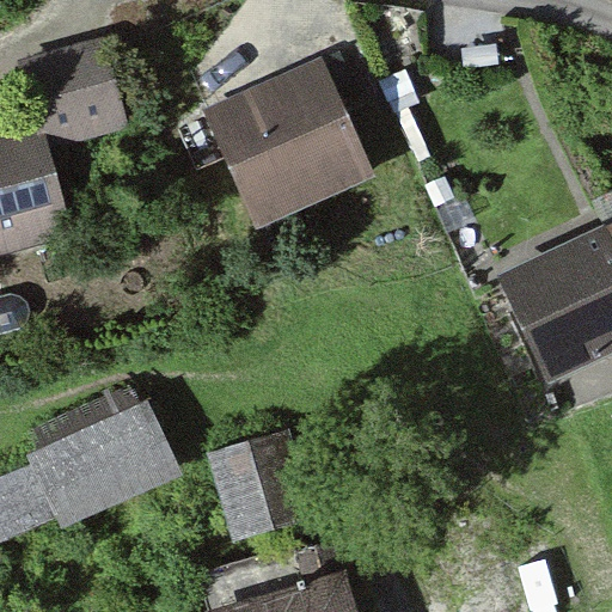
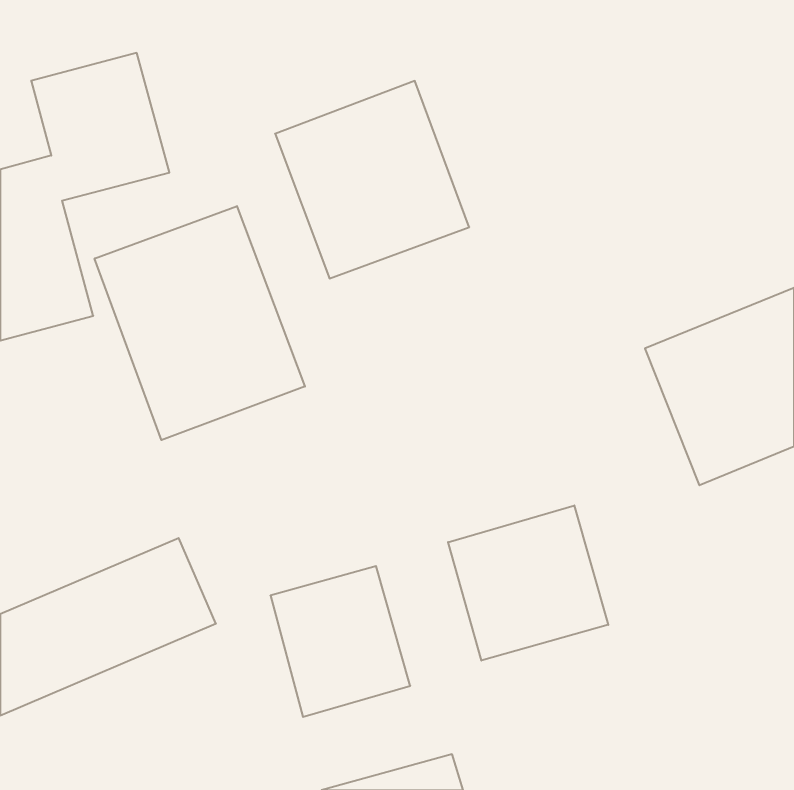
building: none -> [95,206,305,440]
building: none -> [448,505,608,661]

